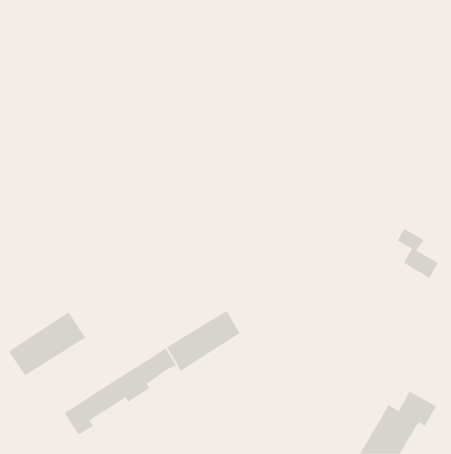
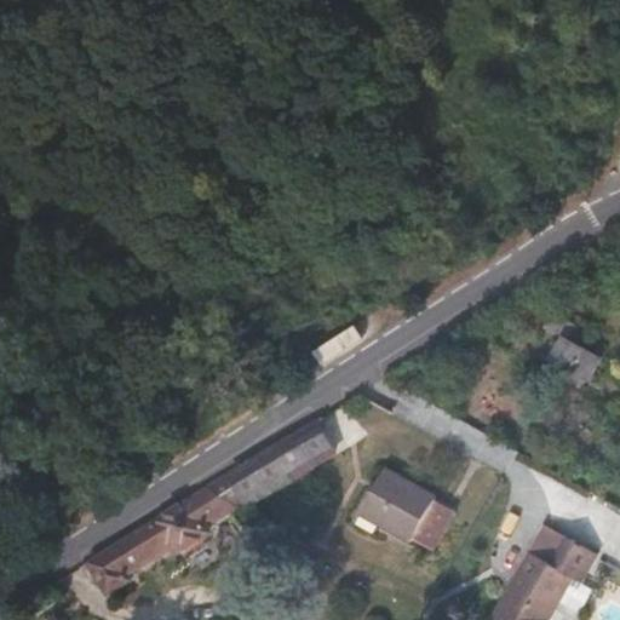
building: [8,311,86,376] -> none
building: none -> [358,470,452,551]

